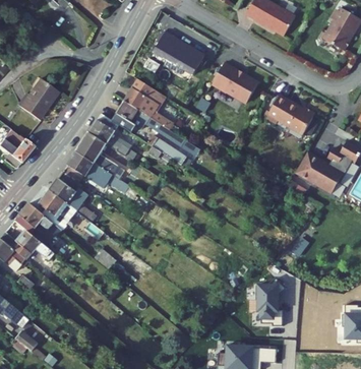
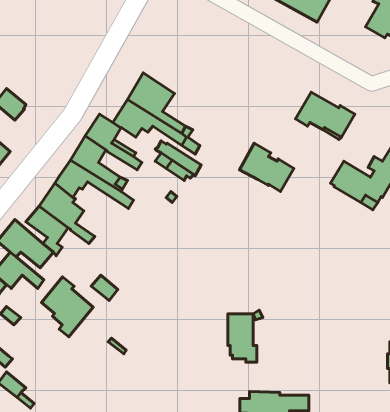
building: [154,32,205,74] -> none
building: [213,61,258,102] -> [240,143,294,191]
building: [23,77,52,105] -> none
building: none -> [41,277,93,337]
building: [258,284,283,324] -> [228,314,257,362]

